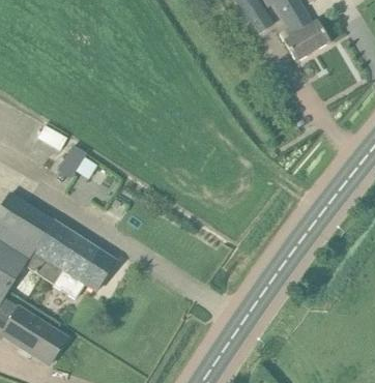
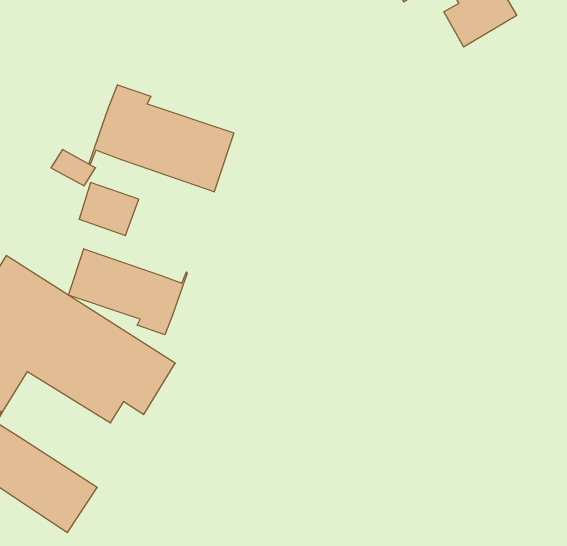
building: none -> [89,85,234,192]
building: none -> [68,249,187,335]

